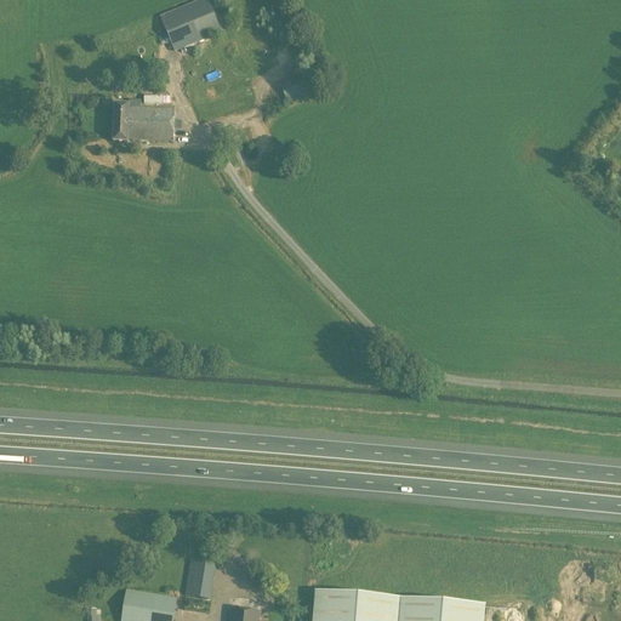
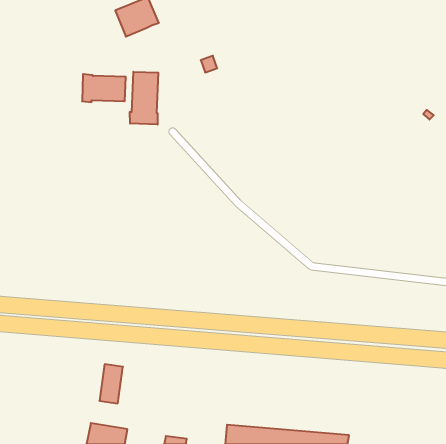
building: none -> [130,72,158,125]
building: [183,557,216,611] -> [99,364,123,403]

